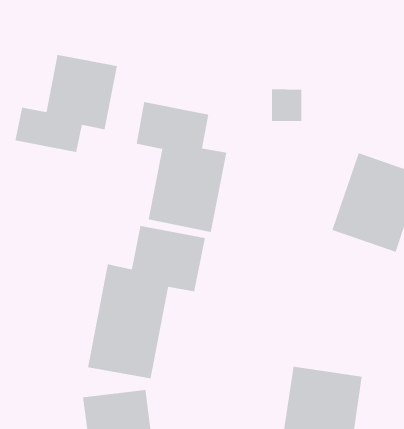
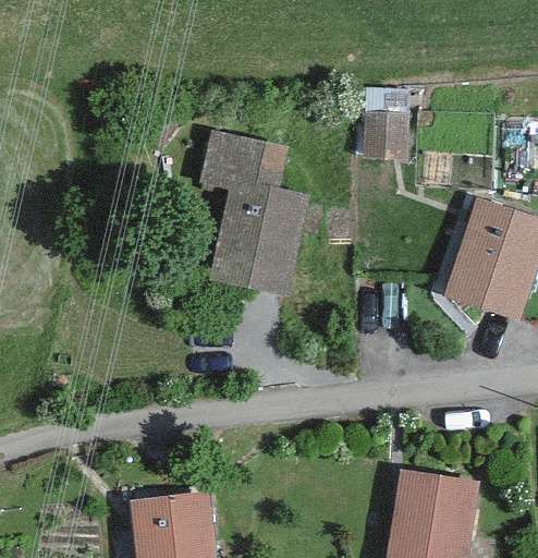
building: [15,54,117,153] -> none
building: [87,225,205,379] -> none

